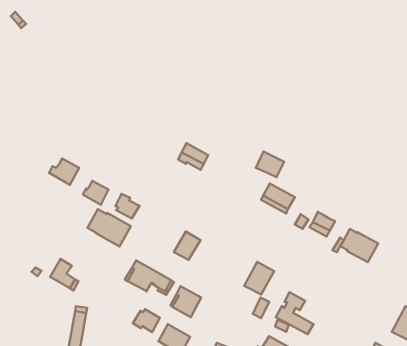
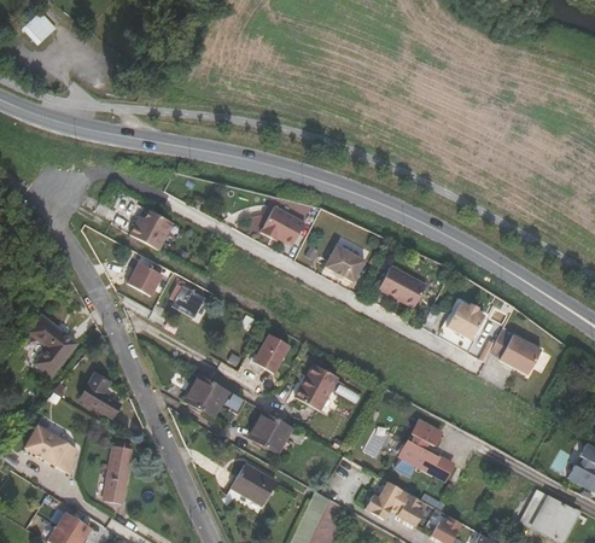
building: [256,151,284,177] -> [326,245,366,281]
building: [49,158,79,185] -> [133,212,175,250]
building: [87,209,131,247] -> none
building: none -> [29,316,77,375]
building: [244,262,274,294] -> [297,362,339,408]
building: none -> [25,426,77,475]
building: [133,309,160,332] -> none

